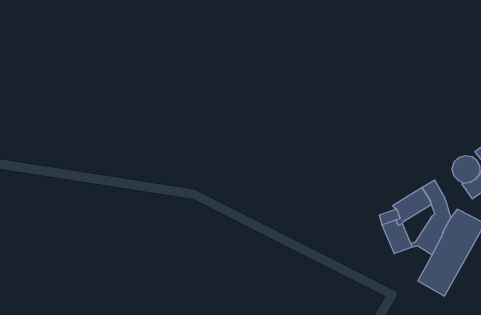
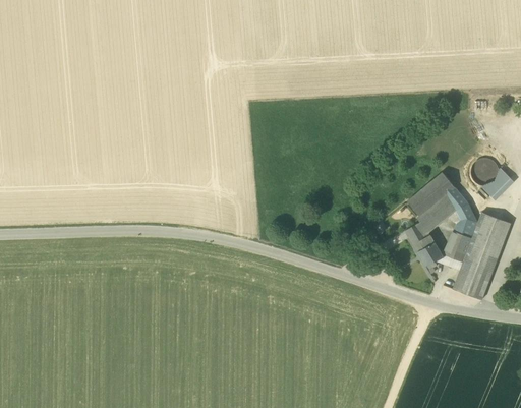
building: none -> [407,172,455,217]

